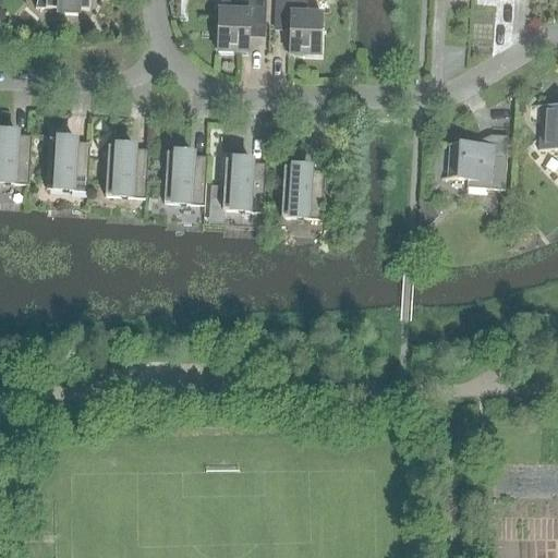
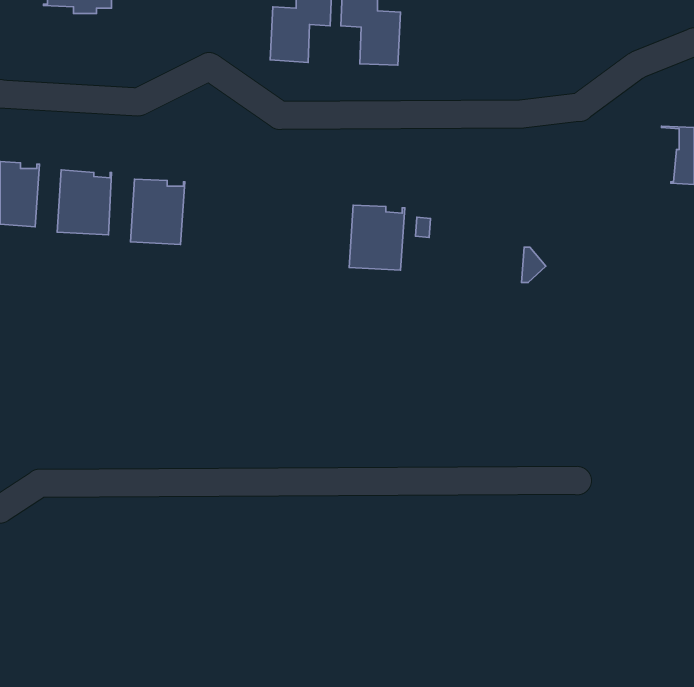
building: [440,132,508,187] -> none
building: [163,150,207,203] -> none
building: [222,157,266,210] -> none

